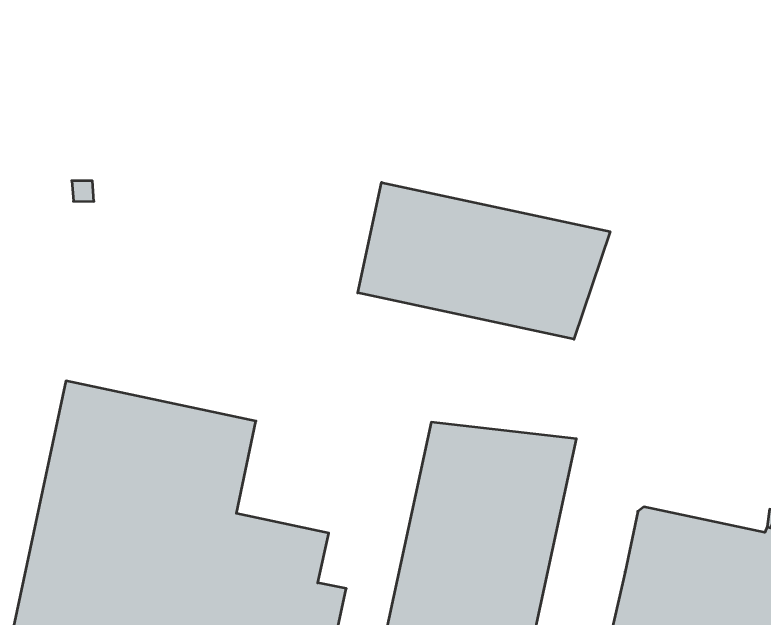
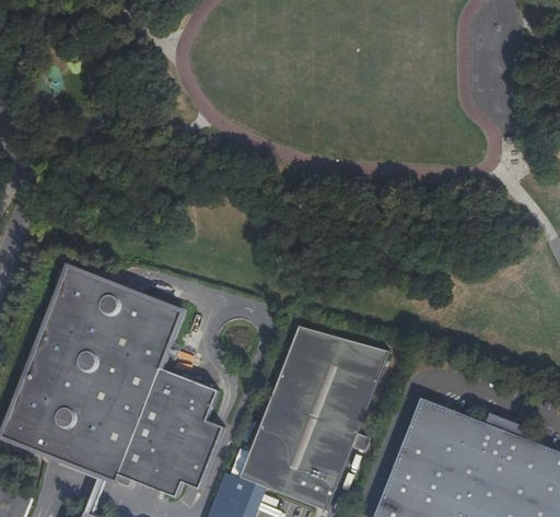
building: [358,182,610,339] -> none

